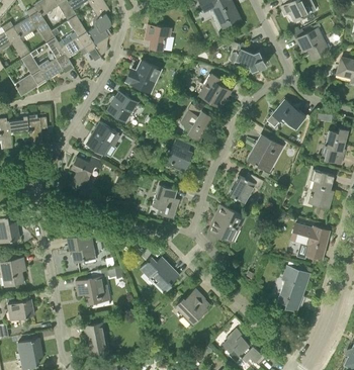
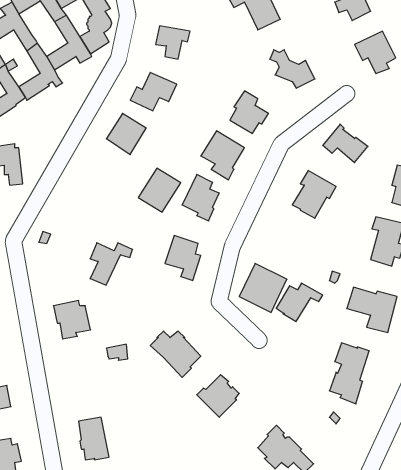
building: [86,121,118,155] -> [138,168,181,212]
building: [71,157,103,189] -> [90,243,133,285]
building: [229,174,264,203] -> [276,283,323,322]
building: [76,271,110,304] -> none

